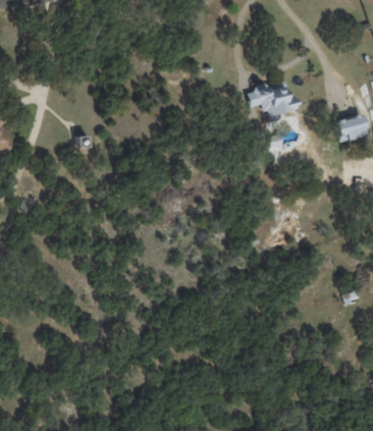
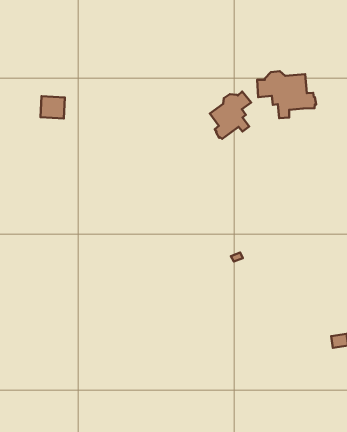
building: none -> [210,91,251,139]

